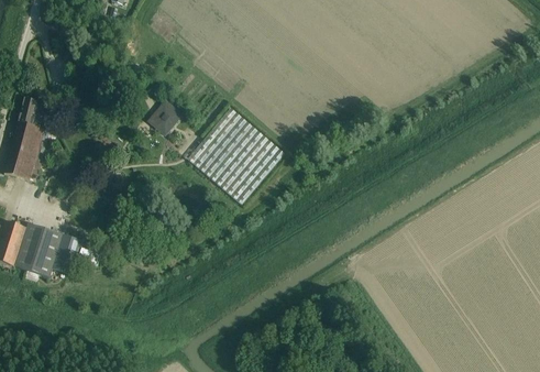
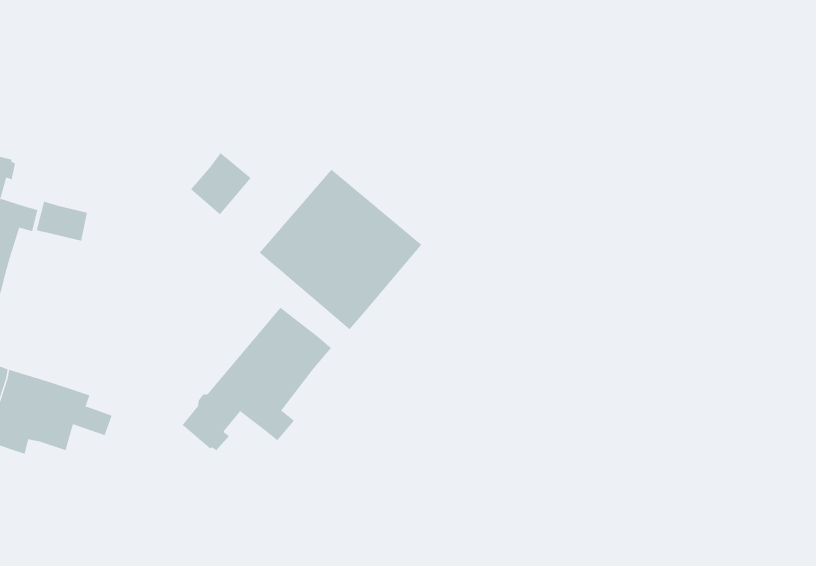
building: none -> [36,201,88,241]
building: none -> [182,307,332,451]

